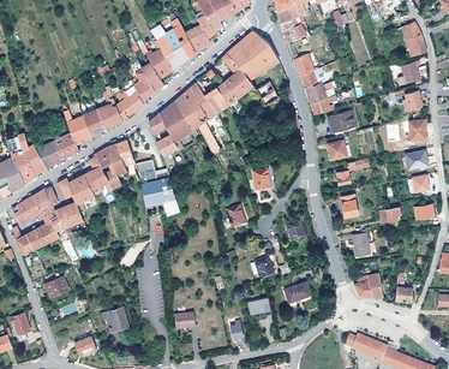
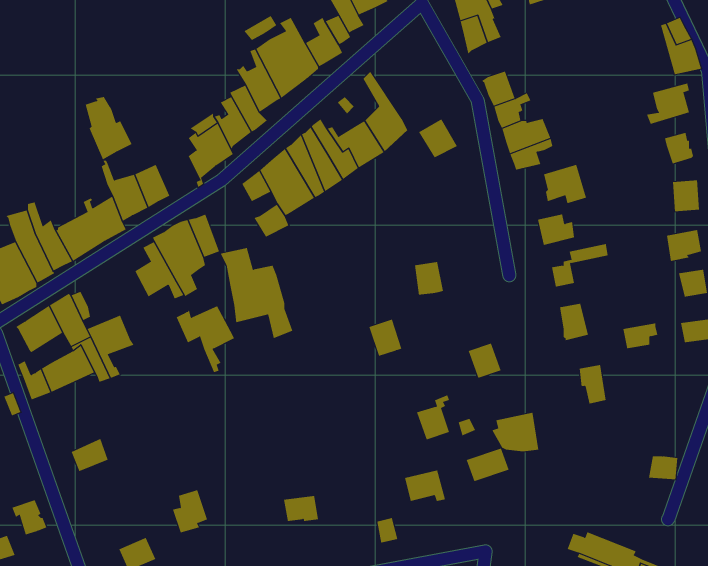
building: [226,31,279,83] -> none
building: [94,91,122,130] -> [85,97,132,160]
building: [58,175,94,216] -> [176,305,235,373]
building: [353,274,382,298] -> [492,412,539,452]

